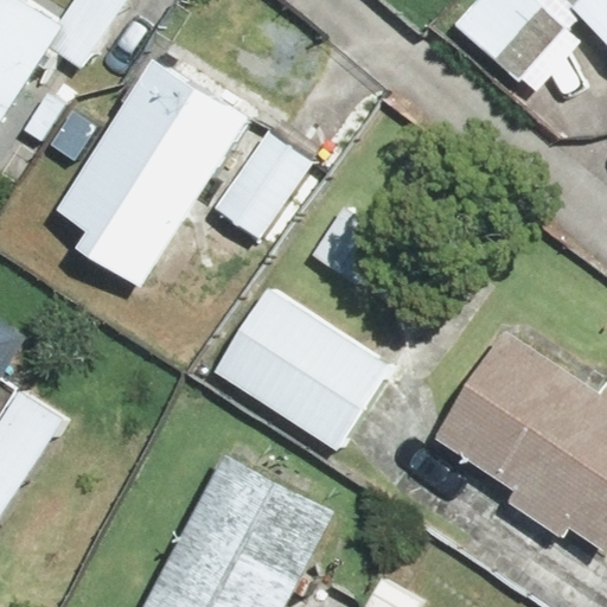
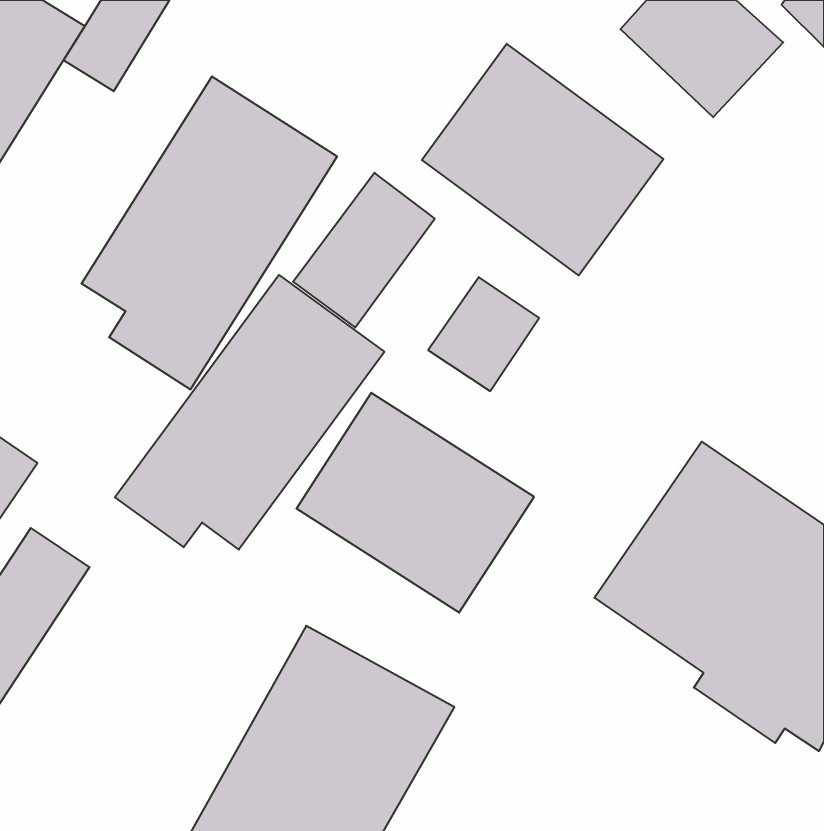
building: none -> [422,44,663,275]
building: none -> [115,275,384,550]

